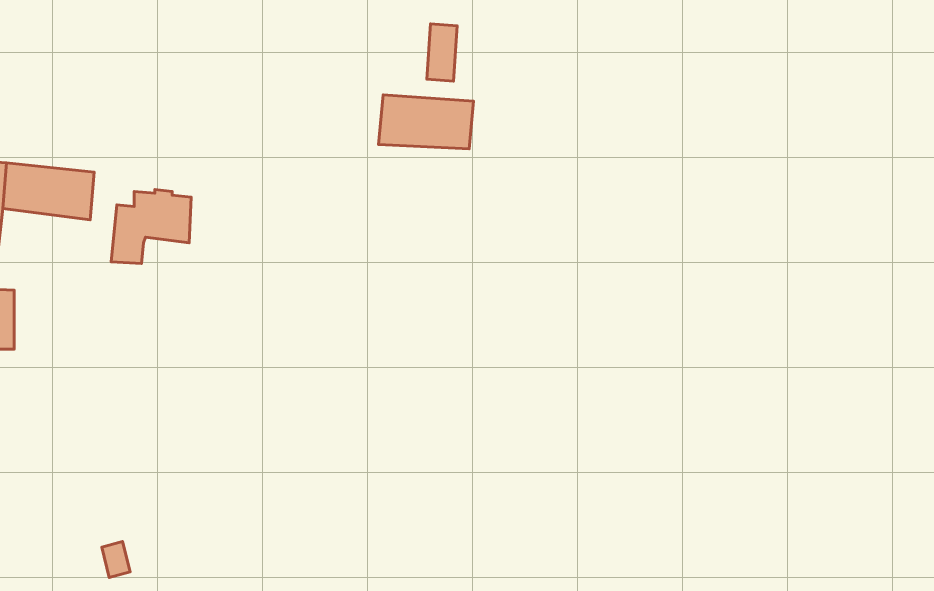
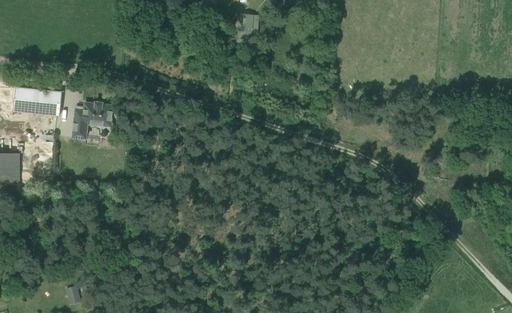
building: [378,95,473,149] -> none

